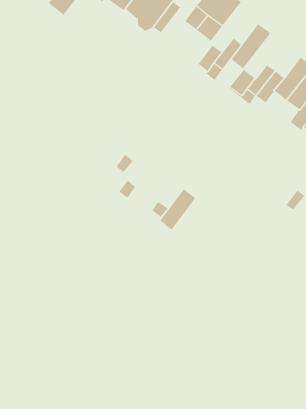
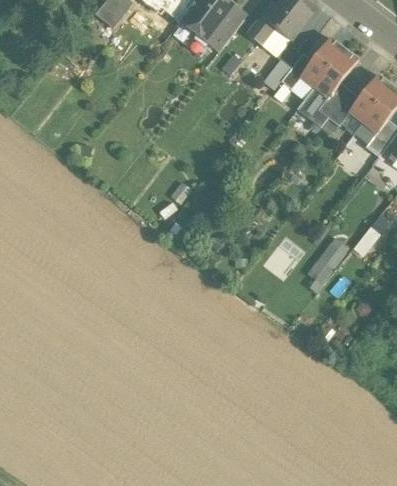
building: none -> [313,47,358,98]
building: [159,188,196,230] -> [306,239,347,286]

